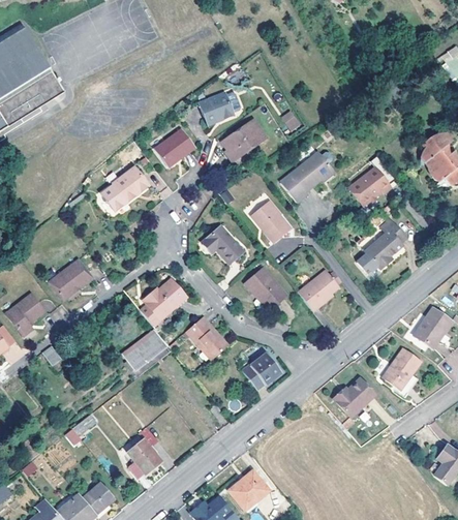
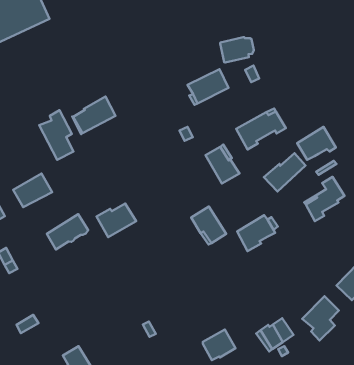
building: [202,93,239,123] -> [220,37,254,62]
building: [157,130,195,166] -> none
building: none -> [39,110,73,160]
building: none -> [264,153,306,192]
building: [204,225,244,264] -> none
building: [186,316,227,361] -> none
building: [123,327,167,368] -> [47,214,88,249]
building: [245,354,281,389] -> [203,330,236,360]

